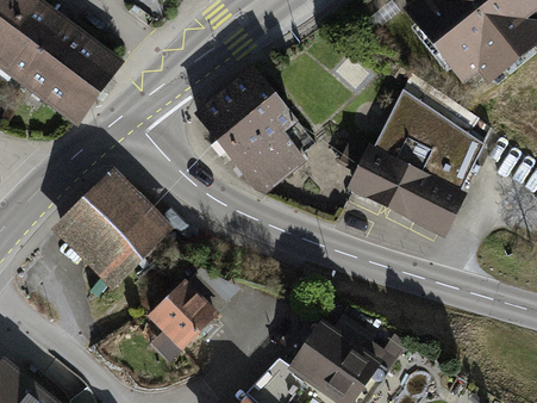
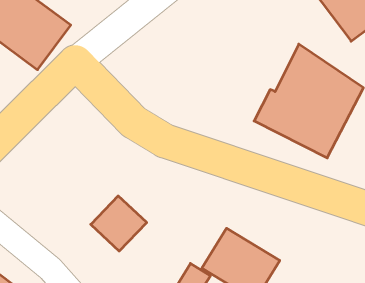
building: [193,69,308,192] -> none
building: [51,171,170,290] -> none

